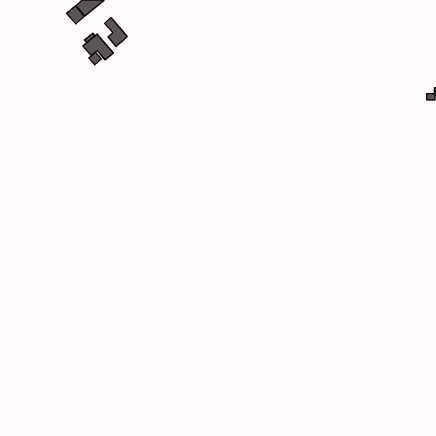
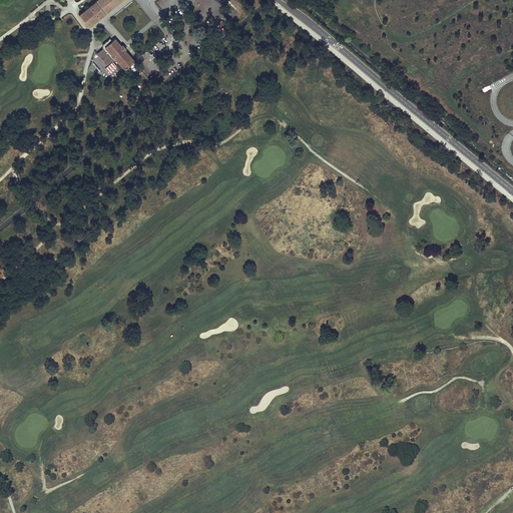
building: [105,18,127,47] -> none

